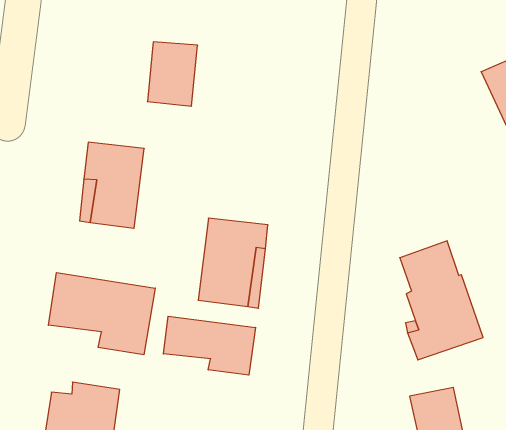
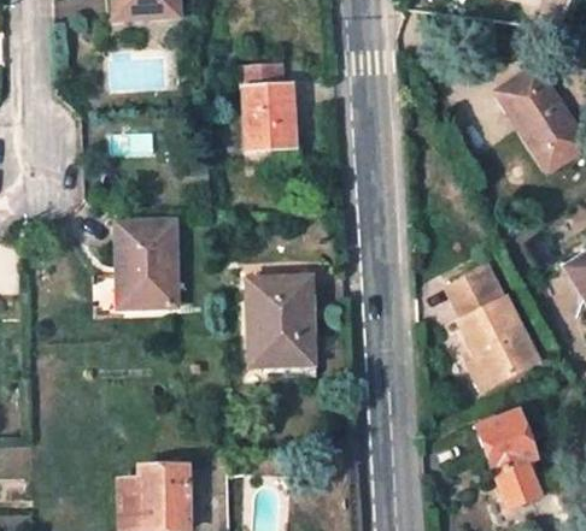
building: [147,42,198,106] -> [245,84,293,148]
building: [48,273,155,355] -> none
building: [163,316,256,375] -> none

